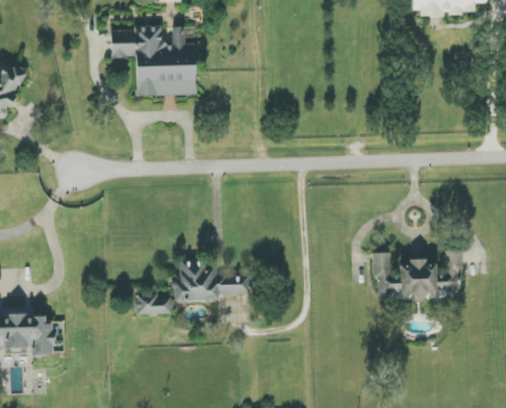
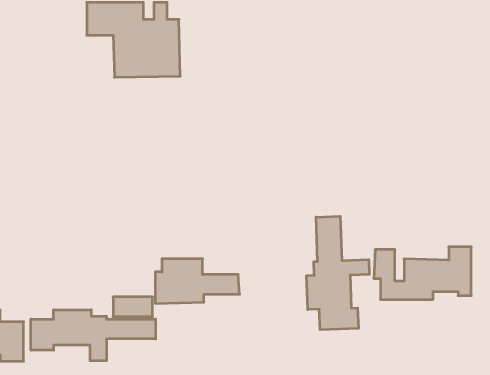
building: none -> [307,216,369,330]
building: none -> [31,310,156,361]

